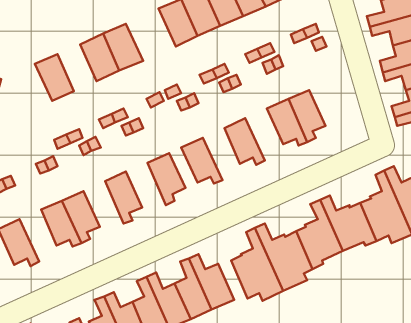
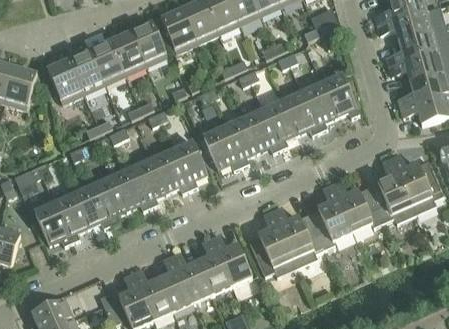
building: none -> [161,8,198,52]
building: none -> [89,41,125,84]
building: none -> [47,59,84,103]
building: none -> [321,74,359,117]
building: none -> [262,100,297,148]
building: none -> [223,118,257,166]
building: none -> [152,150,189,192]
building: none -> [113,167,150,210]
building: none -> [54,193,88,241]

